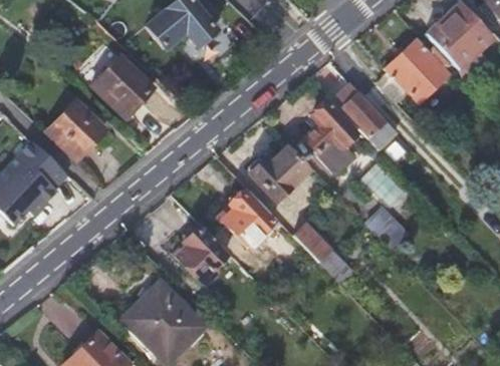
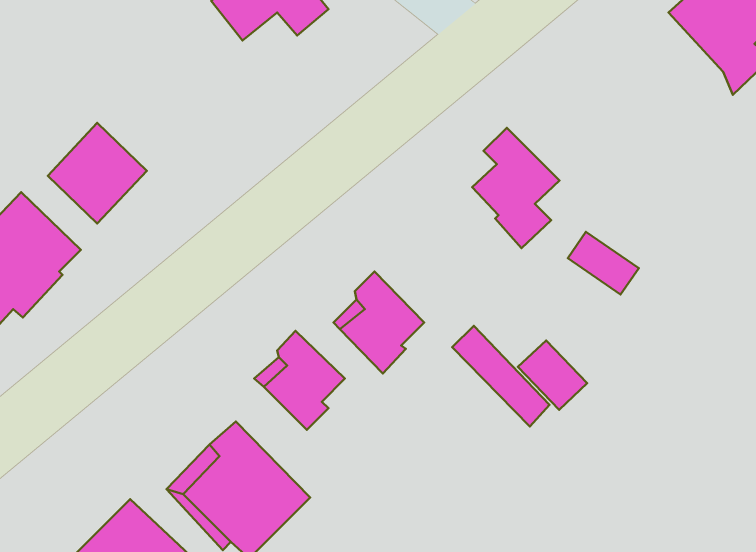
building: [378,37,452,103] -> none
building: [91,53,154,116] -> none
building: [337,82,399,149] -> none
building: [249,147,310,203] -> none
building: [366,207,409,249] -> [518,340,587,410]

